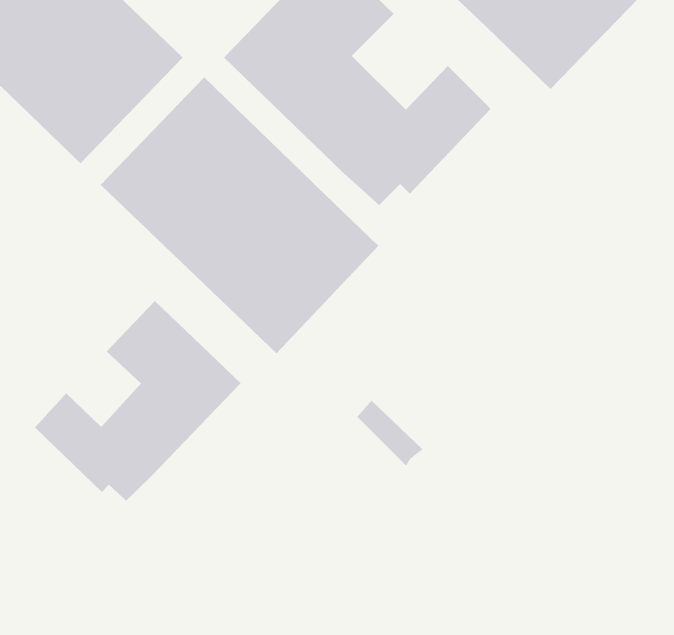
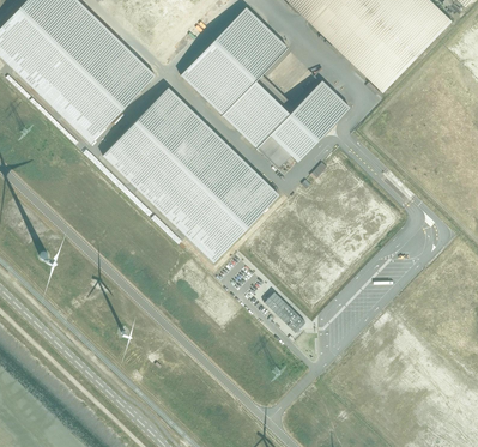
building: [34,300,242,501] -> none

